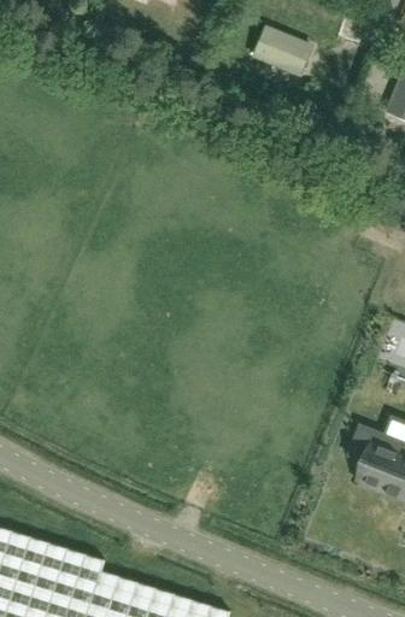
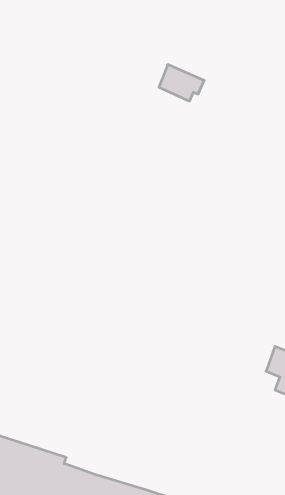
building: [254,29,310,74] -> [159,65,204,101]

